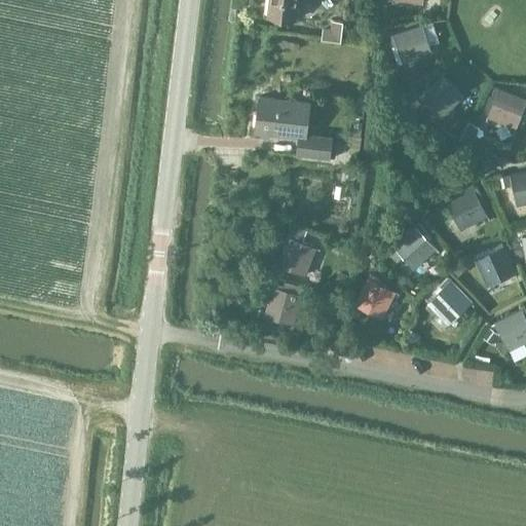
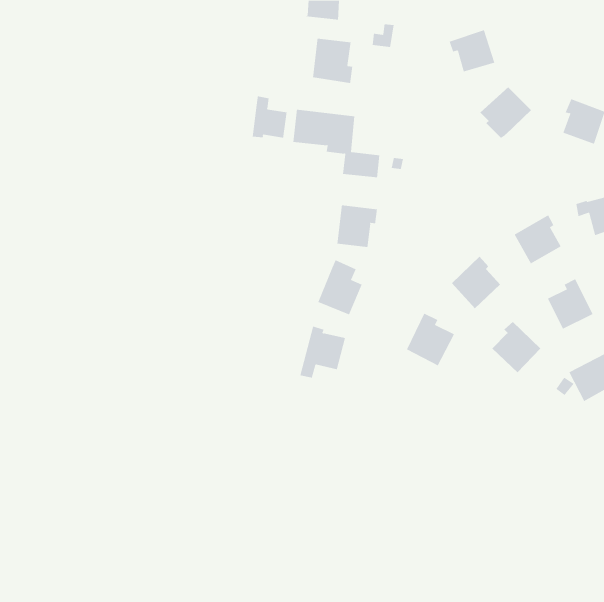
building: none -> [312,38,353,84]
building: none -> [252,96,287,139]
building: none -> [337,205,377,248]

